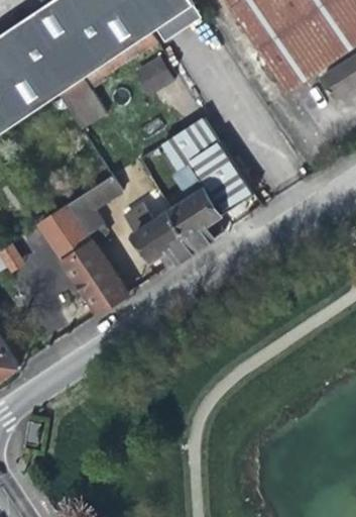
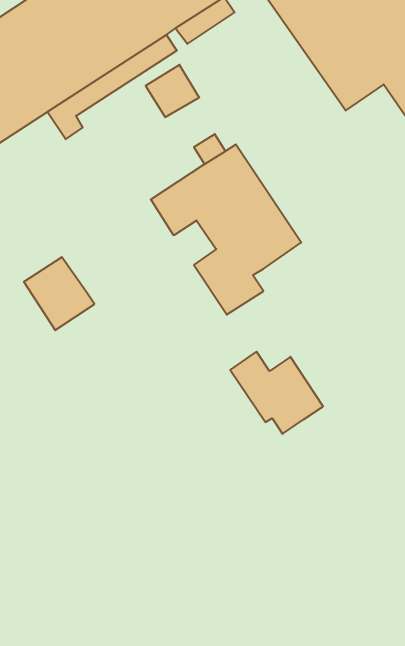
building: [69,178,117,230] -> none
building: [124,205,196,269] -> [230,352,323,434]
building: [64,239,127,311] -> none

